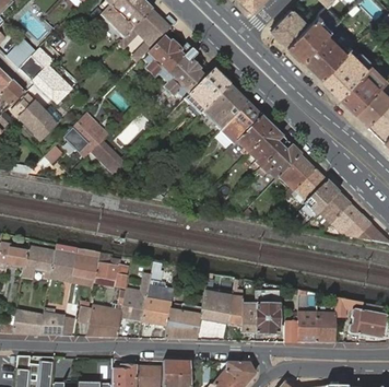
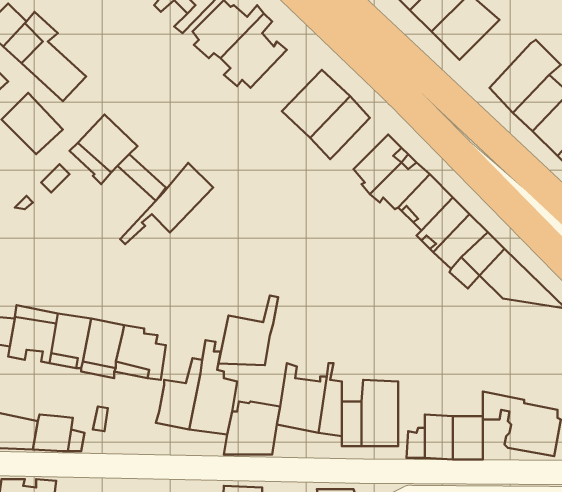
building: [320,47,367,97] -> none
building: [168,69,229,122] -> [120,163,213,244]
building: [239,117,273,154] -> none
building: [86,292,126,338] -> [218,296,278,365]

